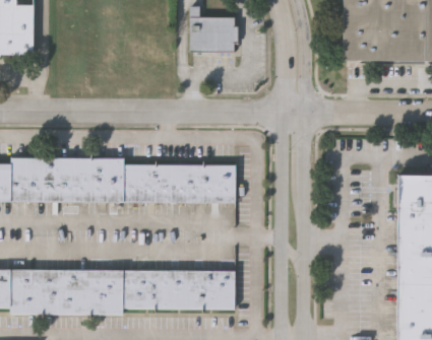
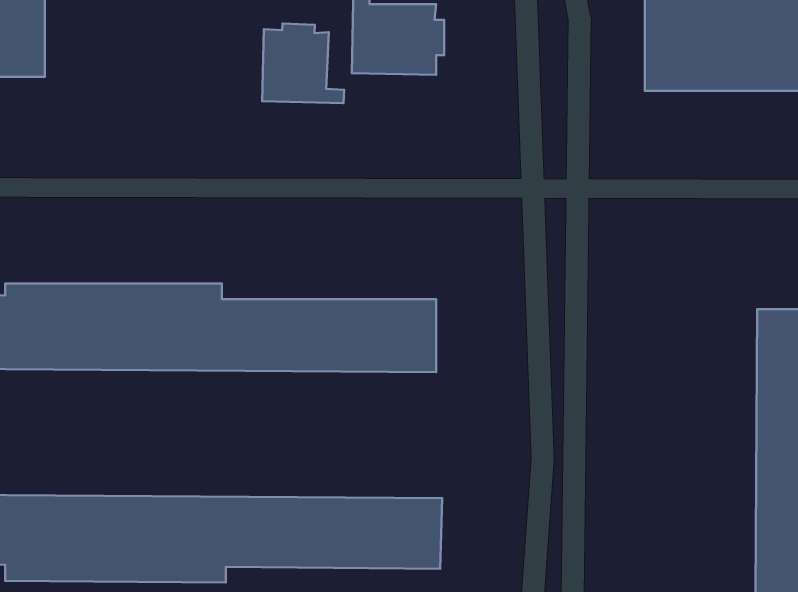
building: none -> [262,23,344,103]

